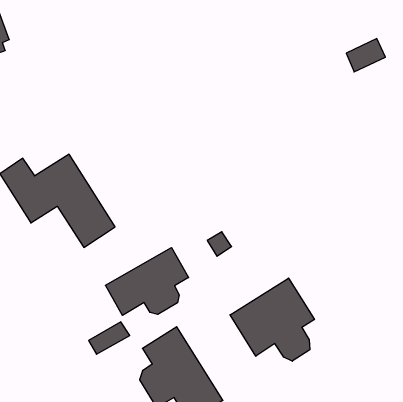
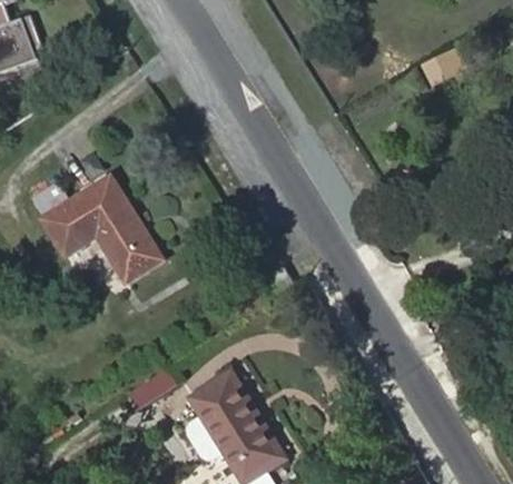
building: [105,248,189,315] -> none
building: [230,278,314,361] -> none

